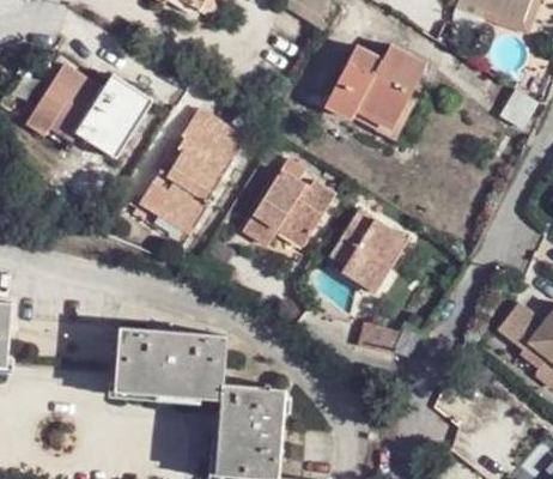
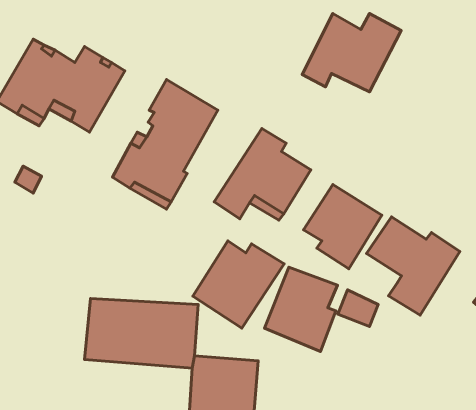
building: none -> [366,217,460,315]
building: none -> [193,241,284,328]
building: none -> [264,267,337,351]

